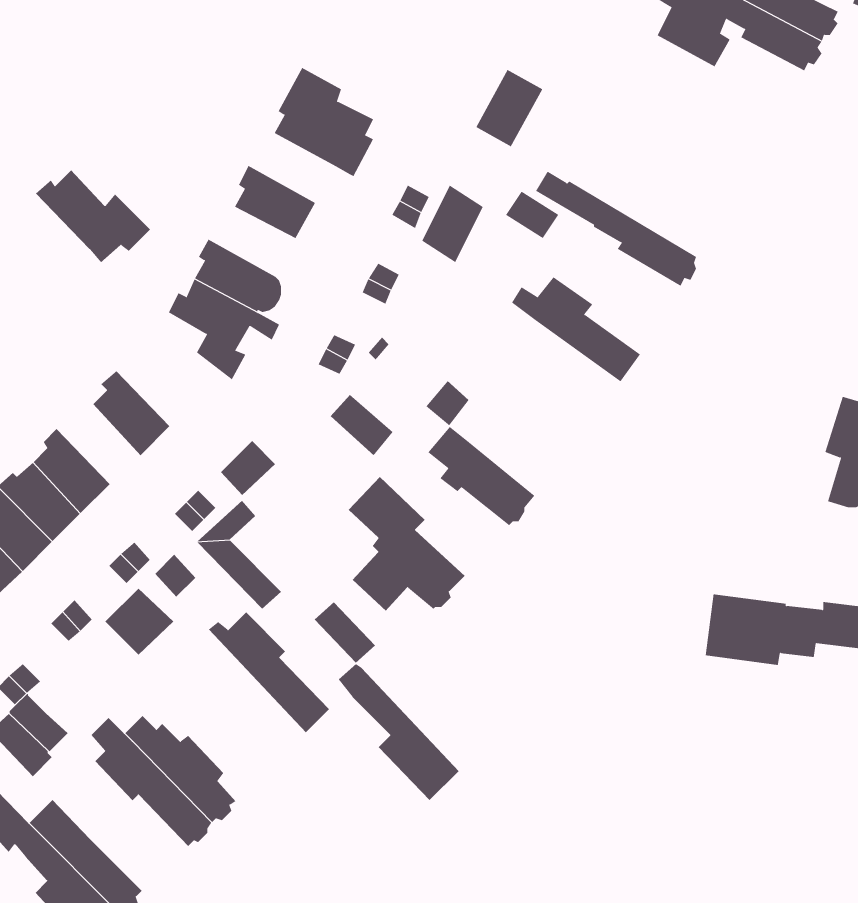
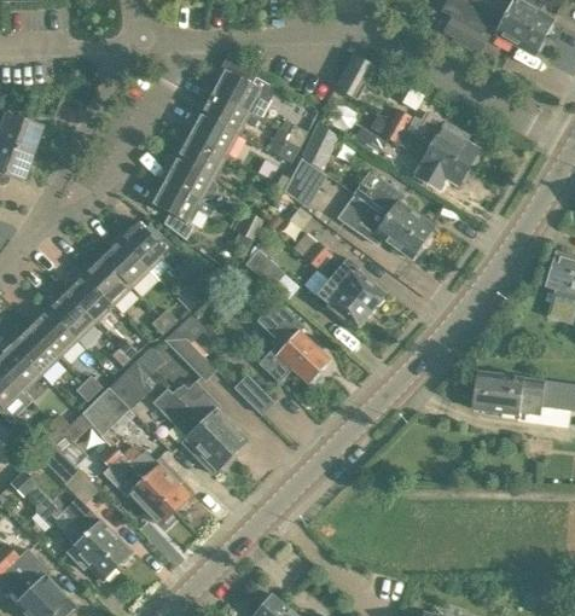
building: none -> [196,92,257,134]
building: none -> [390,109,478,167]
building: [35,170,151,263] -> [116,221,186,278]
building: none -> [172,136,225,179]
building: none -> [284,159,329,207]
building: none -> [338,194,422,257]
building: none -> [80,256,130,304]
building: none -> [330,257,384,312]
building: none -> [81,388,129,435]
building: [338,663,460,801] -> [157,390,231,473]

